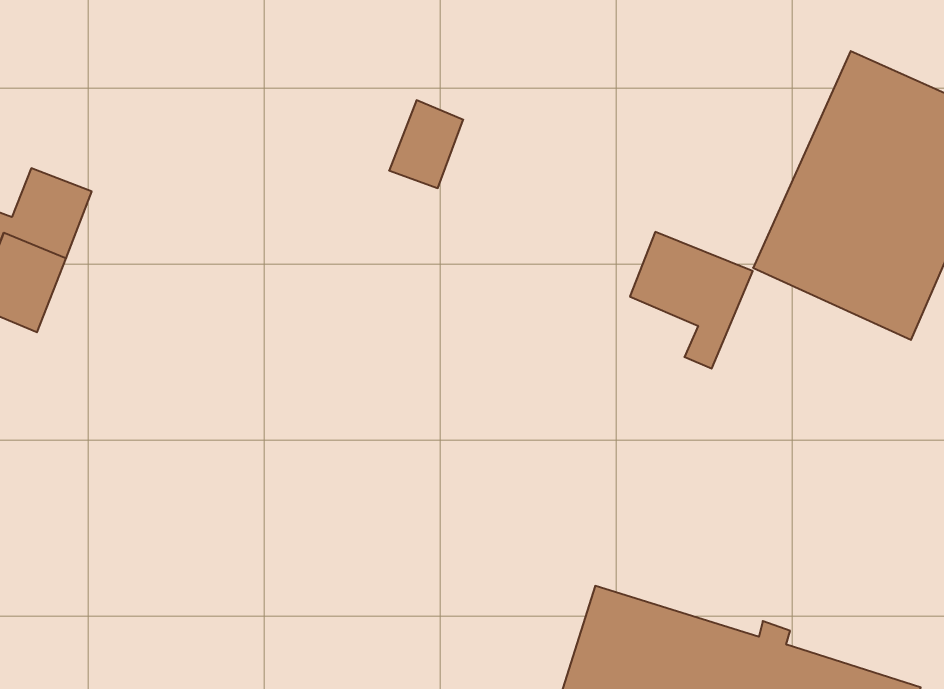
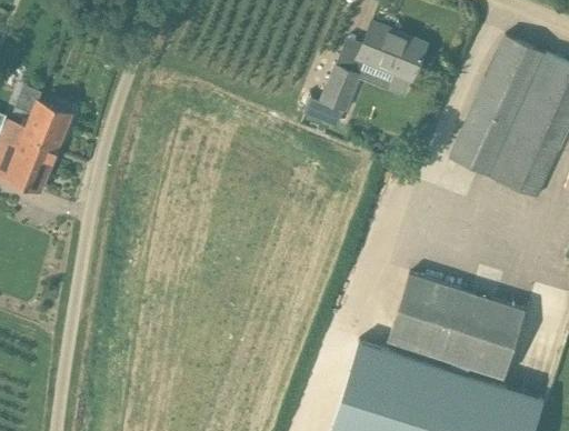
building: [389,100,463,188] -> [319,67,361,117]
building: [630,232,753,369] -> [356,22,426,100]
building: none -> [388,273,523,377]

